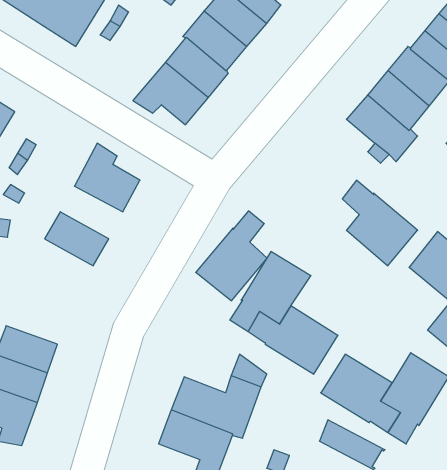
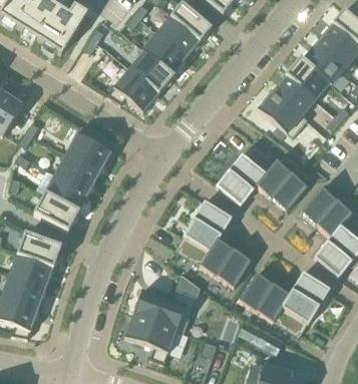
building: none -> [55,155,99,193]
building: [196,211,267,301] -> [216,142,266,206]
building: none -> [33,193,78,232]
building: none -> [17,233,61,267]

